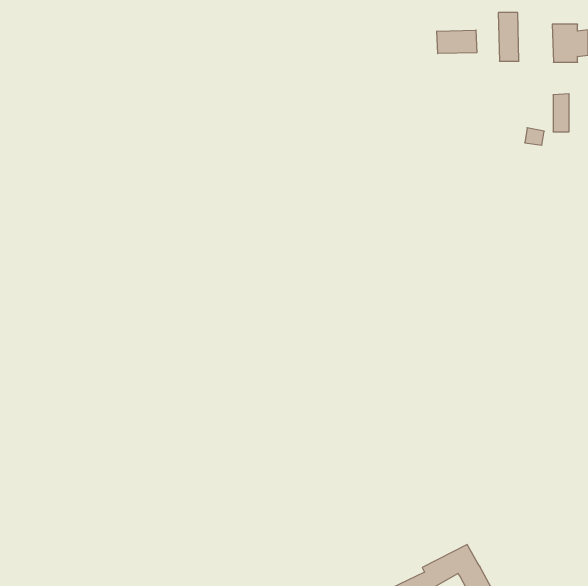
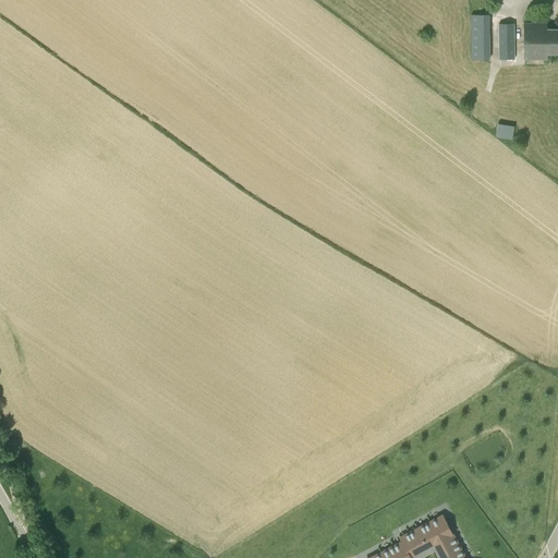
building: [437,30,477,54] -> none
building: [553,94,569,132] -> [499,25,514,61]

